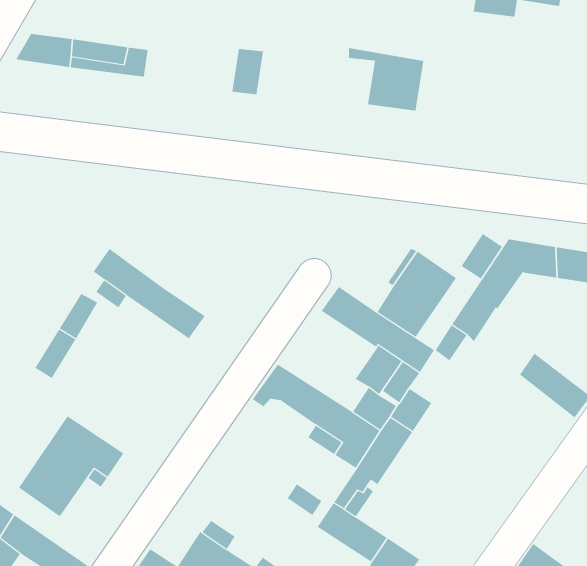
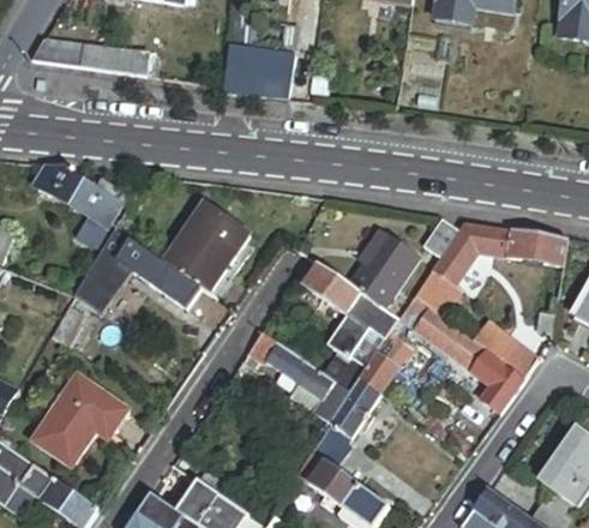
building: [348,47,424,111] -> [227,42,294,98]
building: none -> [35,163,125,245]
building: none -> [161,204,247,294]
building: none -> [420,311,524,412]

